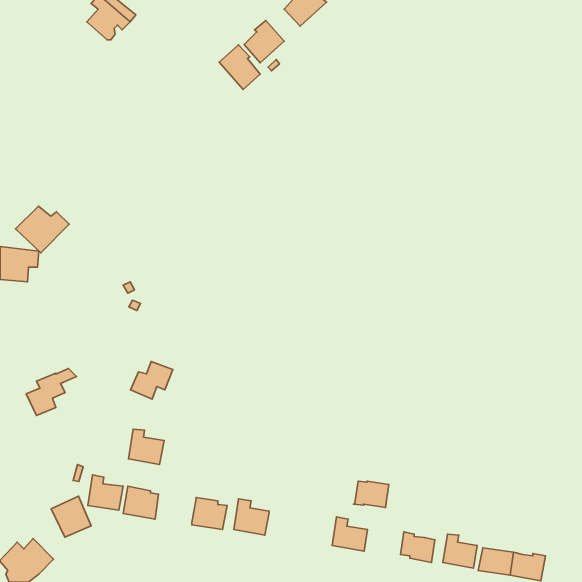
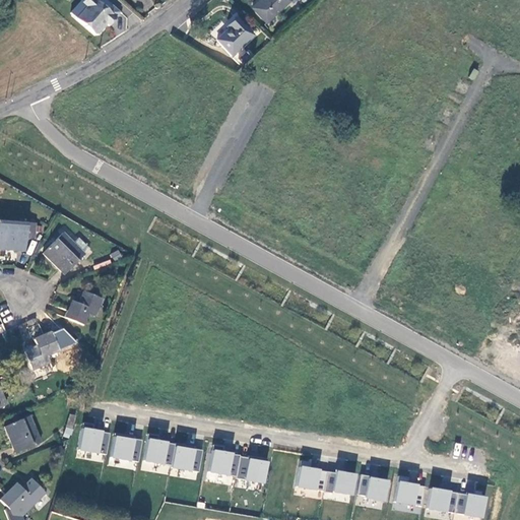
building: [219,45,260,89] -> none
building: [16,206,69,253] -> [43,233,90,274]
building: [131,361,173,399] -> [65,291,103,325]
building: [129,429,164,464] -> [144,434,176,465]
building: [354,481,389,507] -> [324,471,355,495]
building: [51,496,91,537] -> [5,415,41,452]
building: none -> [237,455,268,482]

